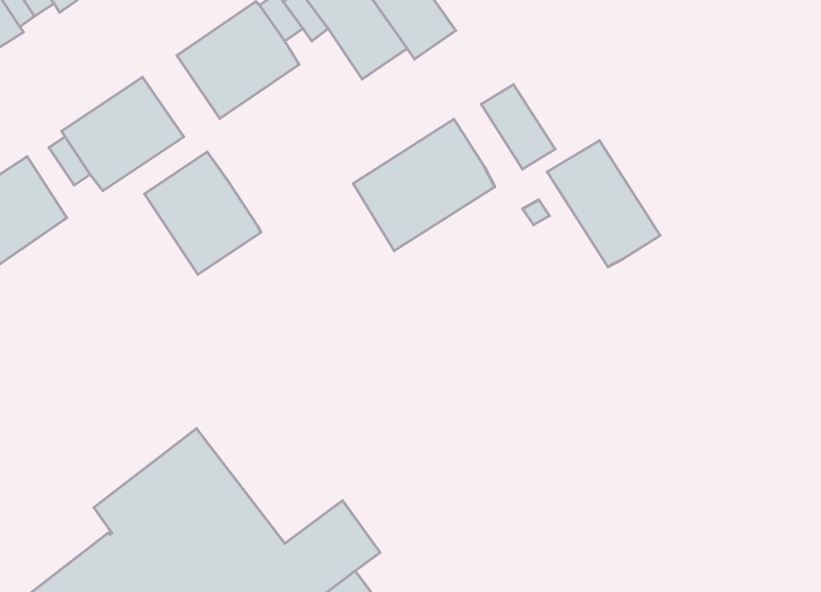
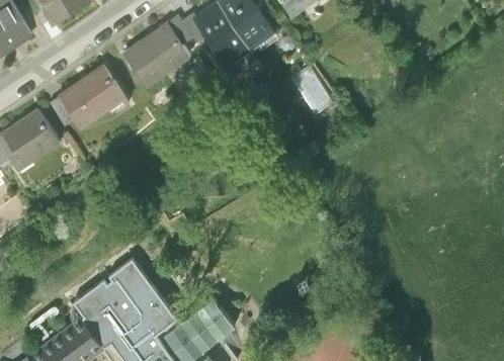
building: [353,119,495,251] -> none
building: [547,140,660,267] -> none
building: [144,152,261,274] -> none

